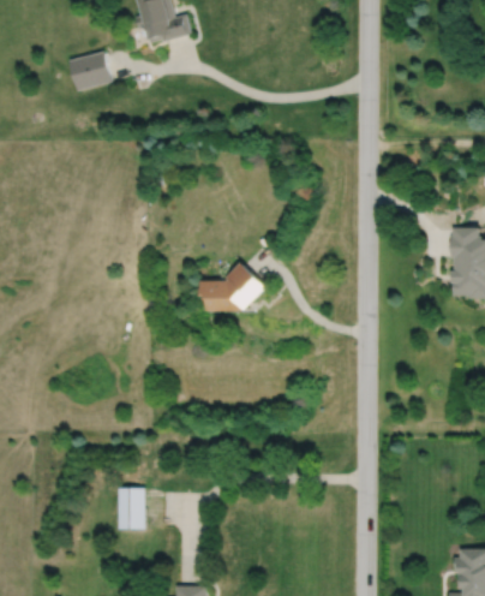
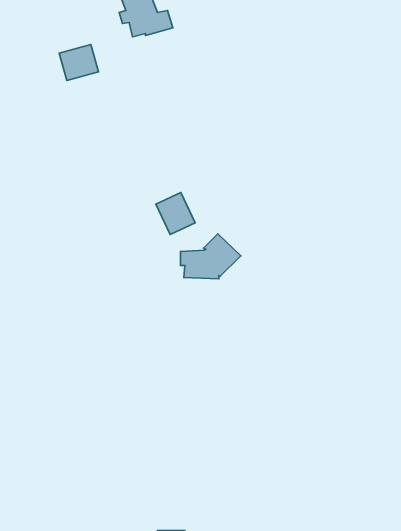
building: none -> [156,192,195,235]
building: [116,487,143,528] -> none

